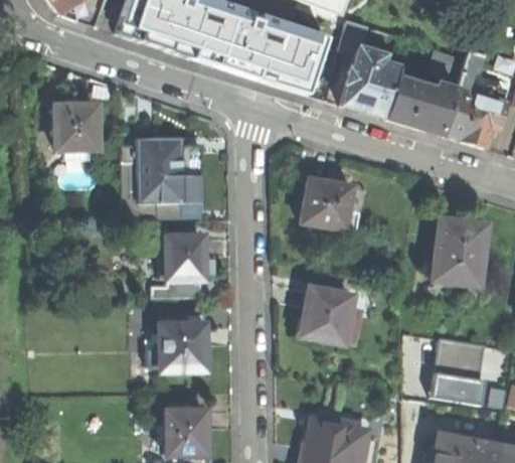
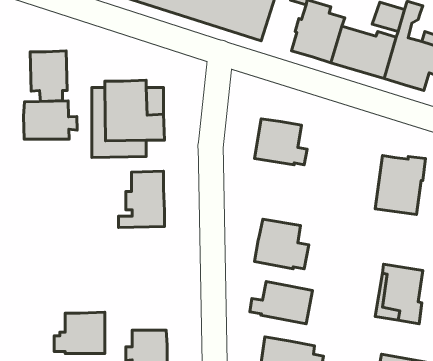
building: none -> [24,101,77,139]
building: [148,321,203,366] -> [54,312,105,353]
building: none -> [250,282,313,324]

